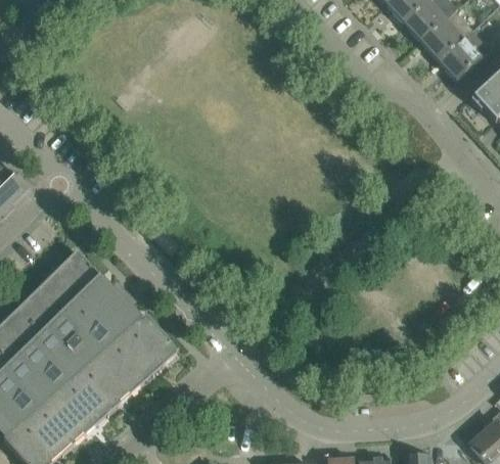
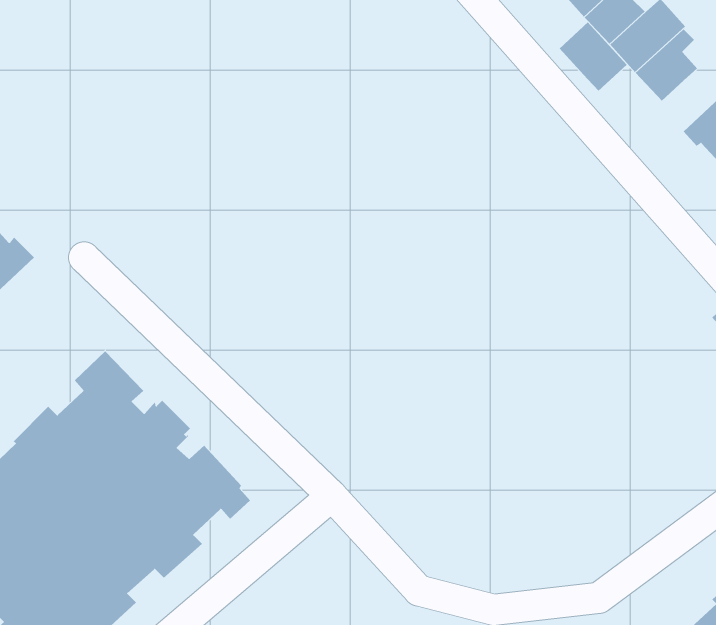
building: none -> [559,22,627,92]

